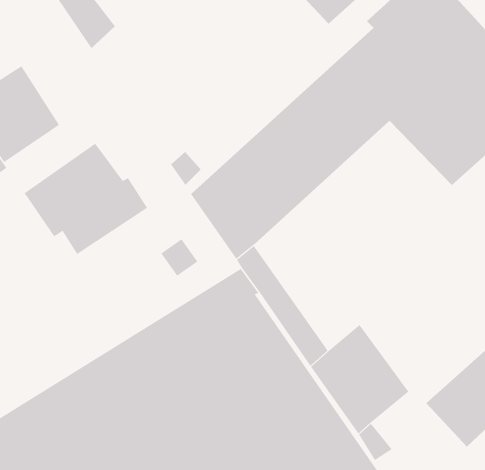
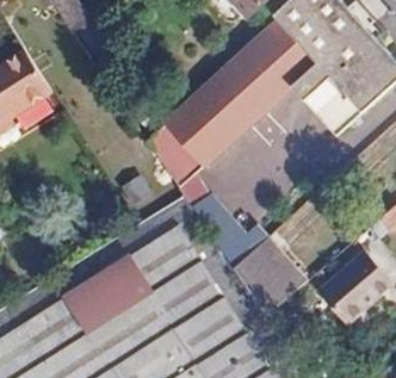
building: [24,143,148,255] -> none

